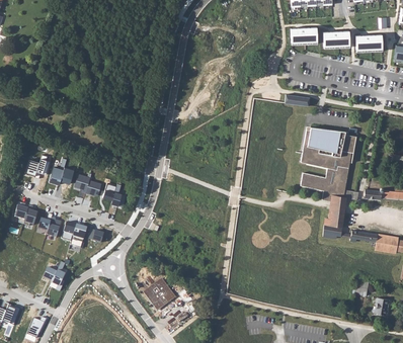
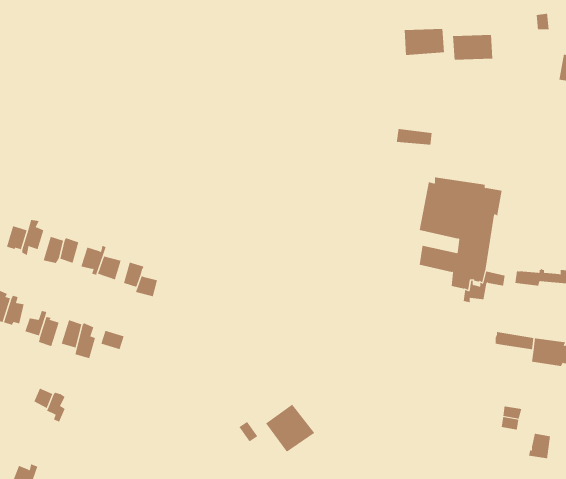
building: [355,33,383,52] -> none
building: [323,206,343,235] -> none
building: [143,277,176,310] -> [265,404,315,452]

